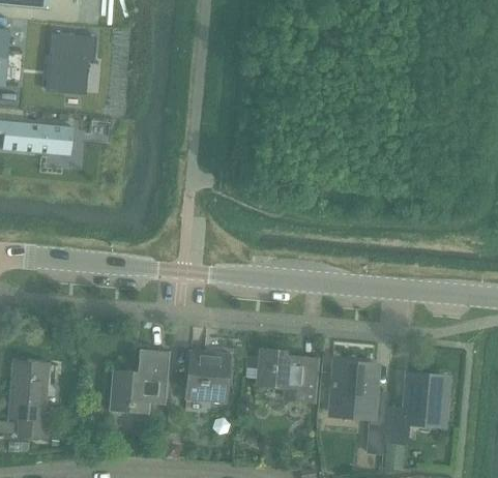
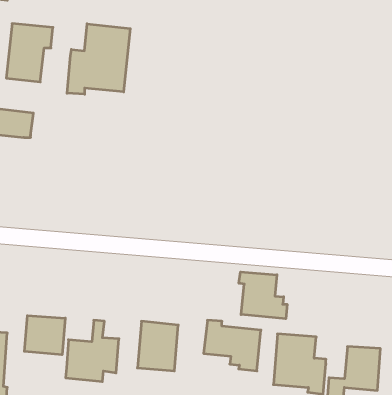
building: none -> [67,24,130,94]
building: none -> [239,272,287,319]
building: none -> [24,316,65,355]

